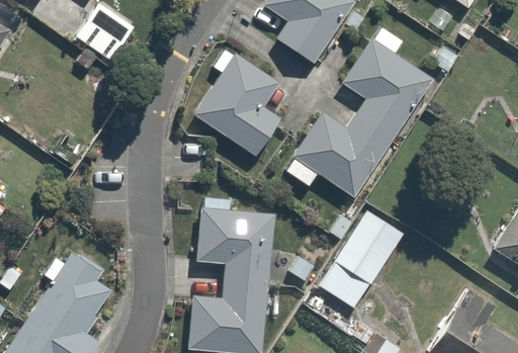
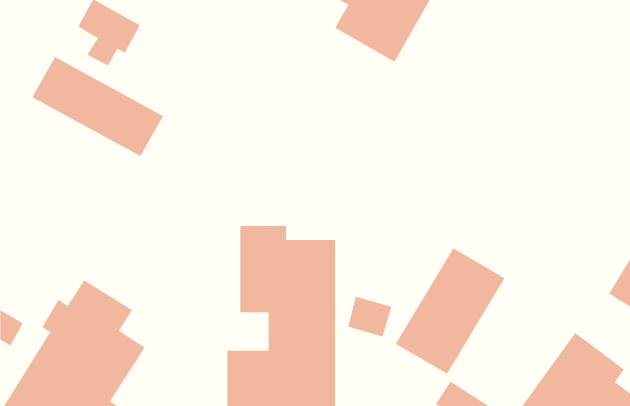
building: [285,27,433,196] -> none
building: [188,46,284,156] -> none
building: none -> [32,56,164,157]

